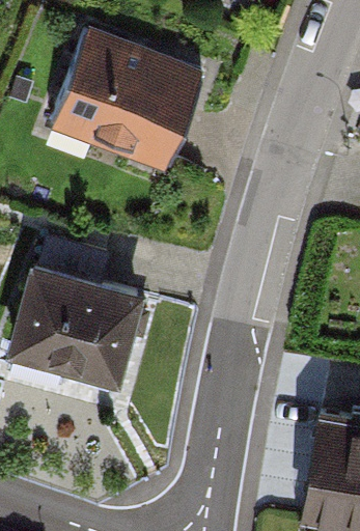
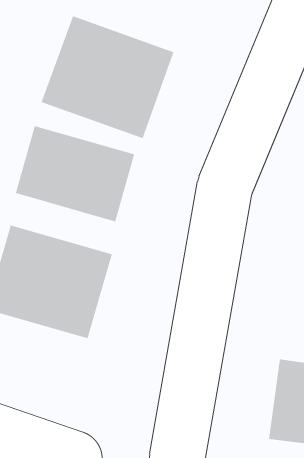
building: none -> [15,125,135,223]

